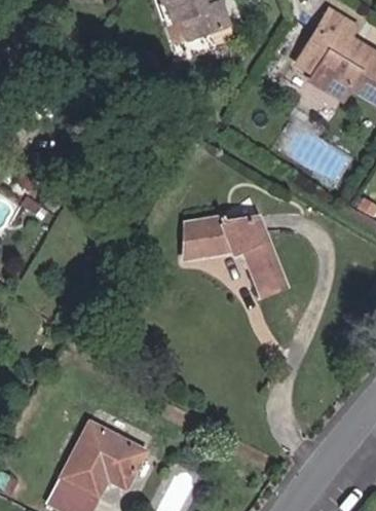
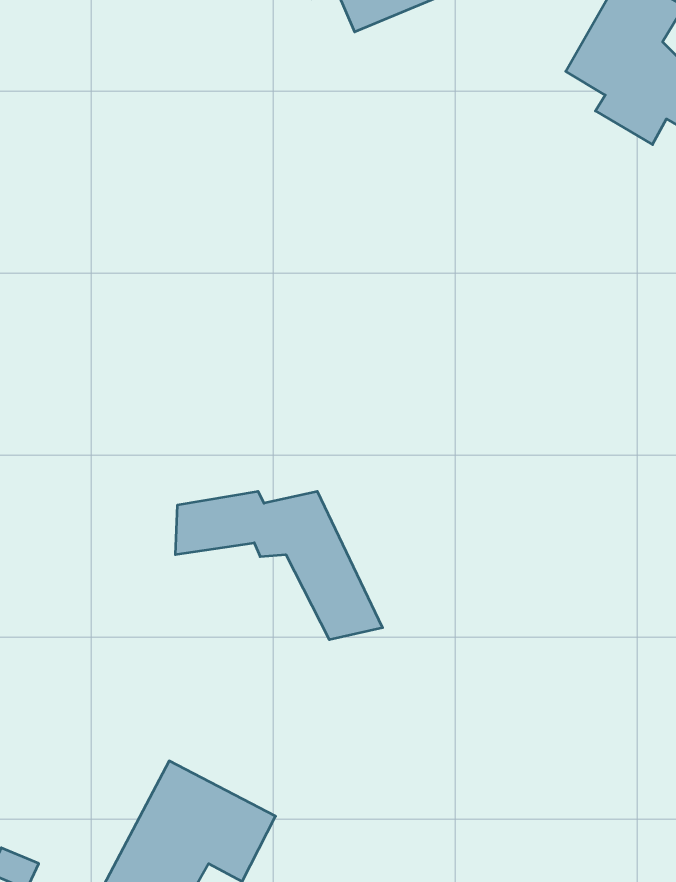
building: [177,218,285,295] -> [175,491,383,640]

